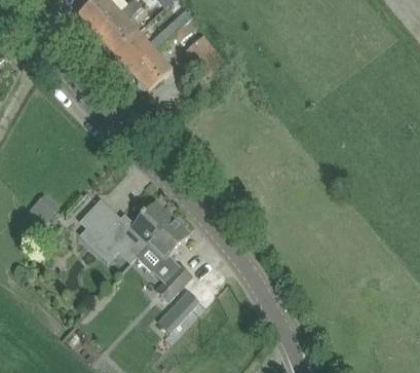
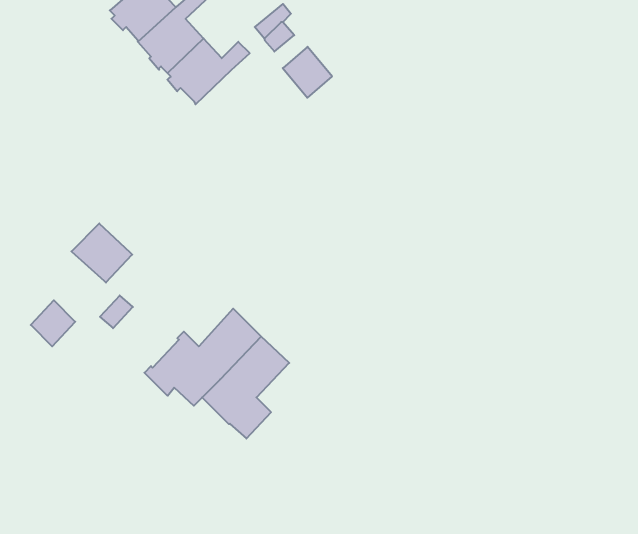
building: [131,50,171,90] -> none
building: [83,199,121,236] -> [71,223,132,283]
building: [155,263,192,301] -> none
building: [158,290,199,332] -> none

